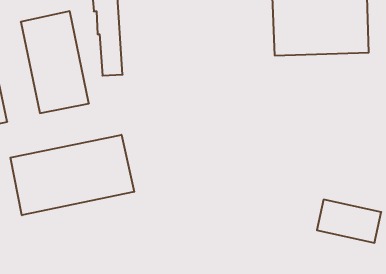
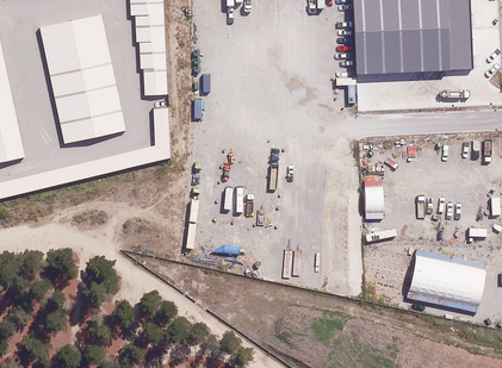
building: [10,135,134,215] -> none

